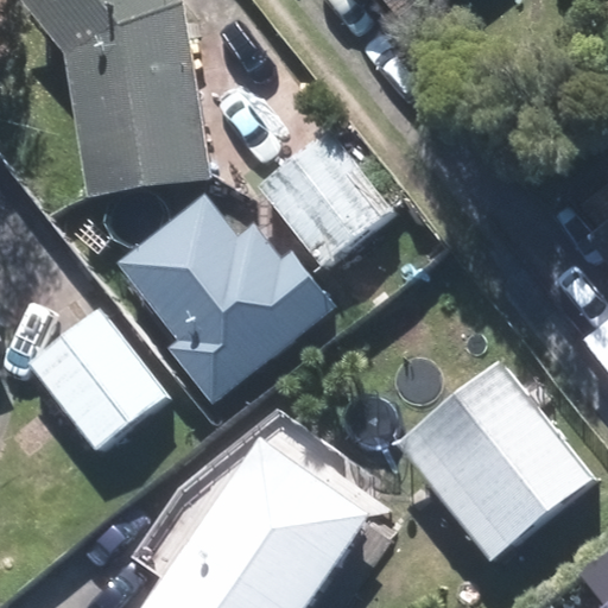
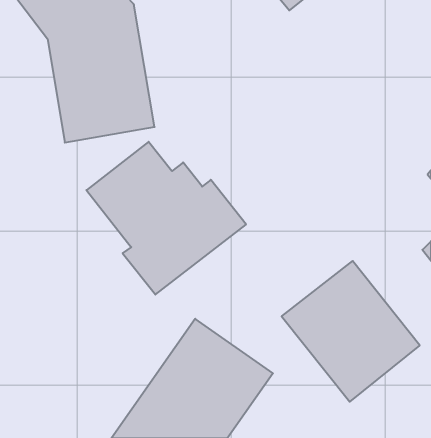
building: [255,132,386,265] -> none
building: [25,306,165,449] -> none

